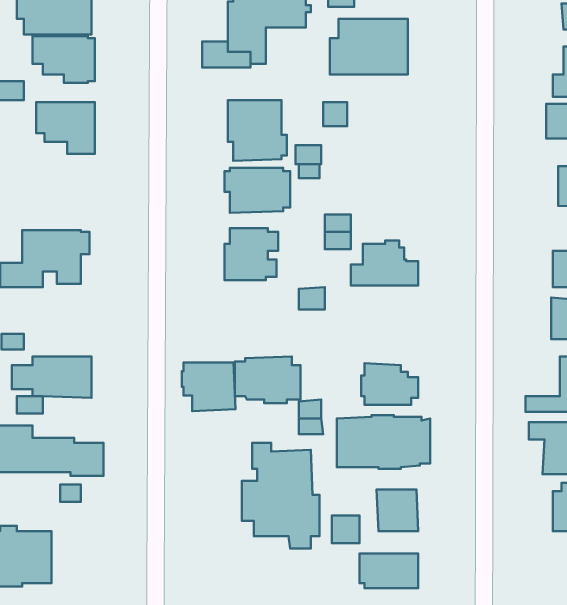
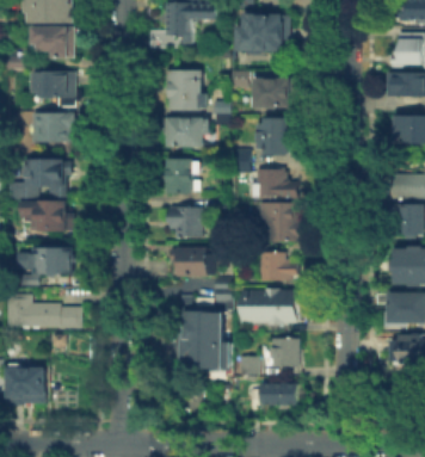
building: none -> [252,79,295,109]
building: none -> [24,112,74,142]
building: none -> [254,118,295,155]
building: none -> [18,200,72,233]
building: none -> [259,200,313,241]
building: [182,363,235,411] -> [166,206,203,240]

